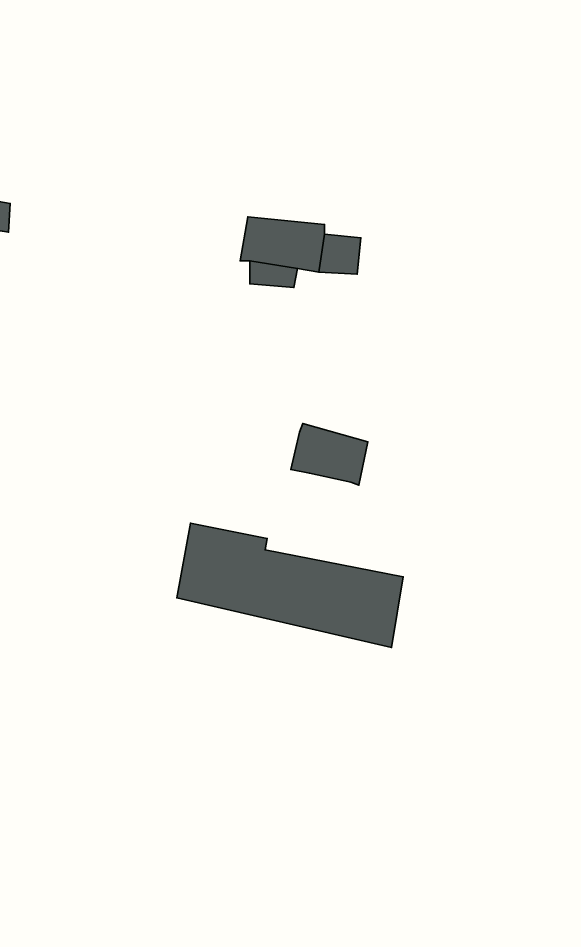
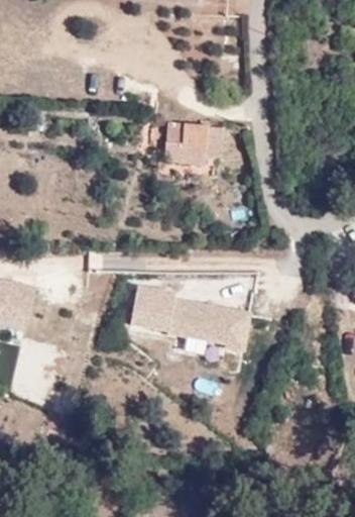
building: [291,423,368,485] -> none

